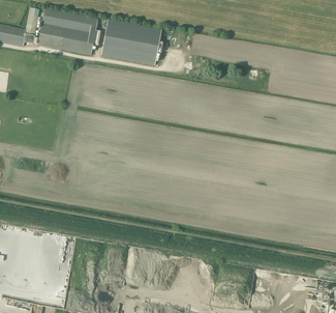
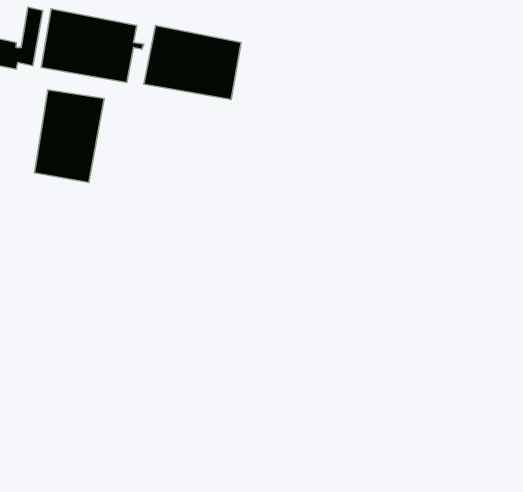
building: none -> [35,90,104,183]

